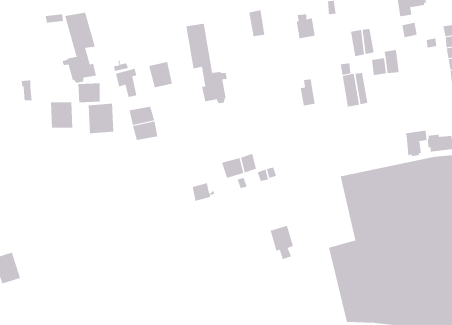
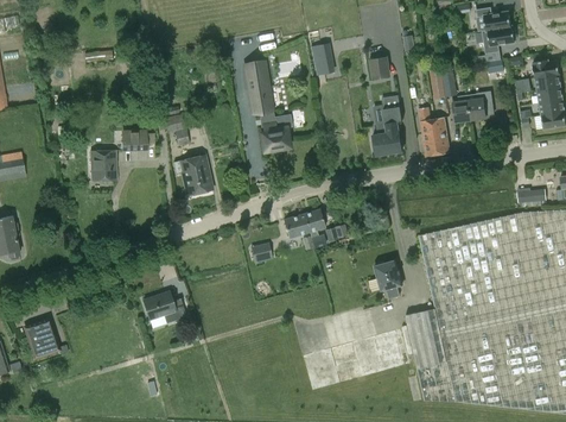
building: [62,12,97,83] -> none
building: none -> [381,95,402,153]
building: [149,61,173,88] -> none
building: [88,103,114,134] -> none
building: [405,130,427,157] -> none
building: [270,225,294,260] -> [375,260,402,300]
building: none -> [142,291,186,323]

